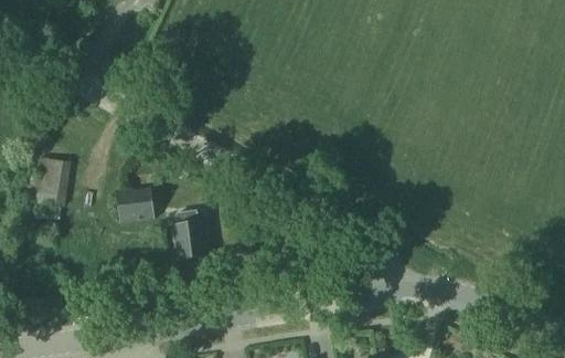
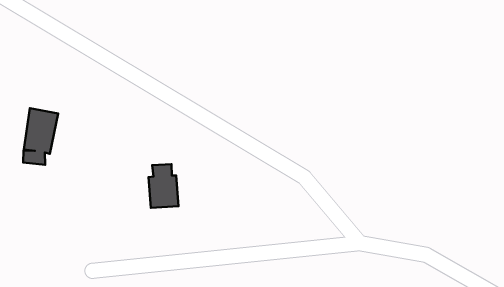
building: [115,187,154,222] -> none

